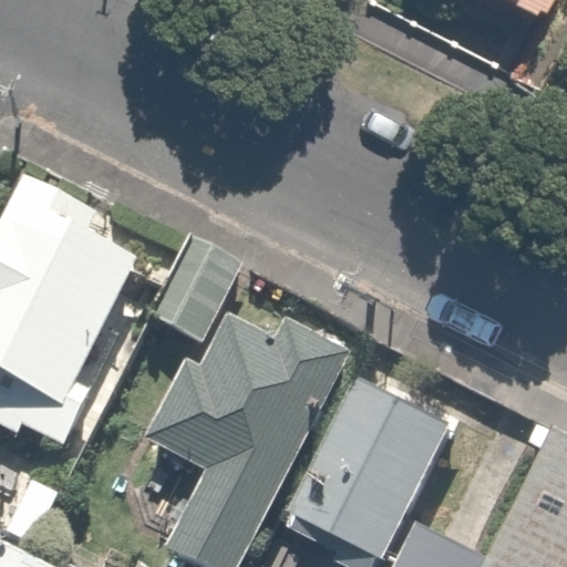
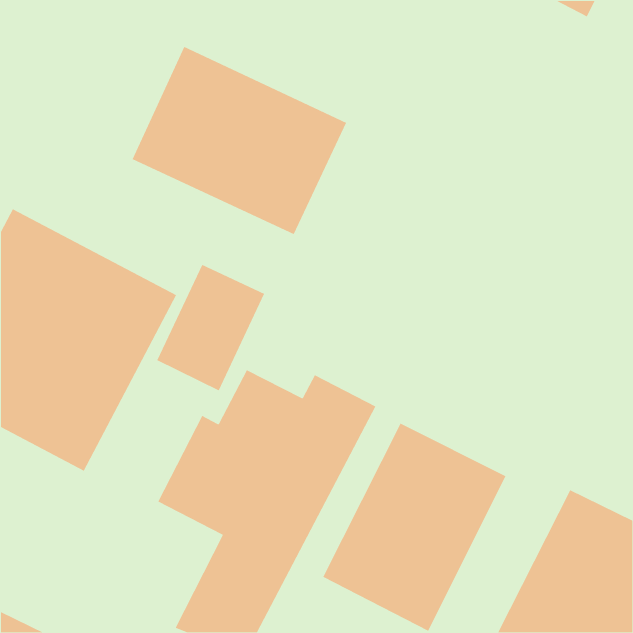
building: none -> [132,46,347,235]

